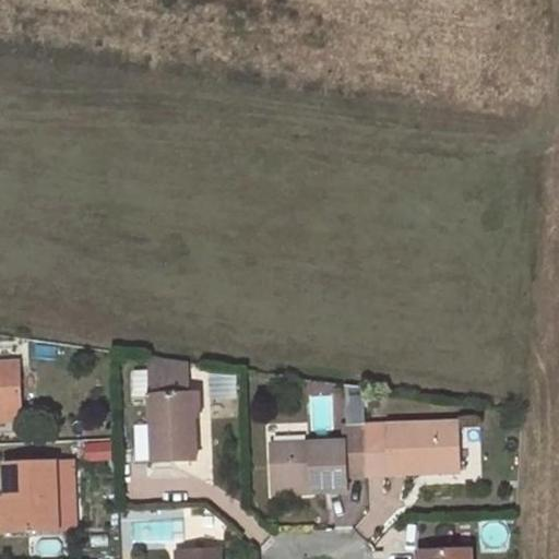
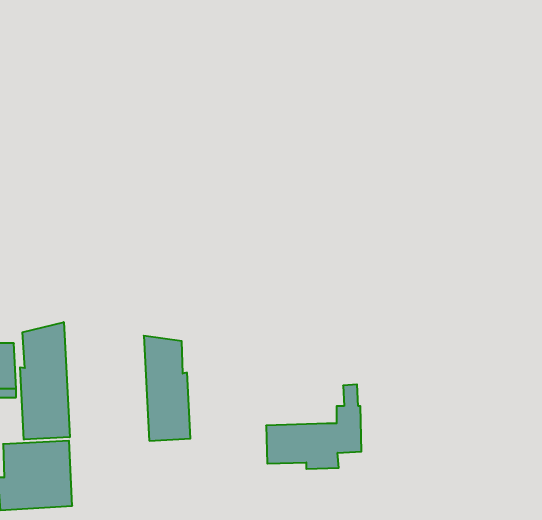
building: none -> [20,322,70,440]
building: [366,423,459,472] -> none

